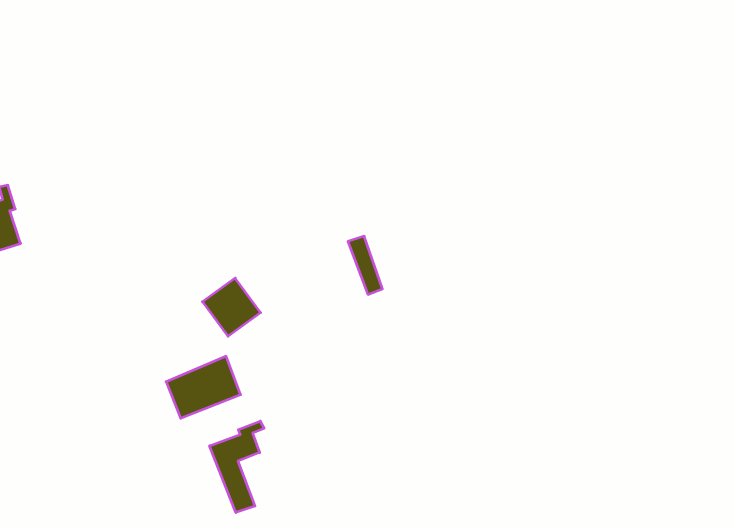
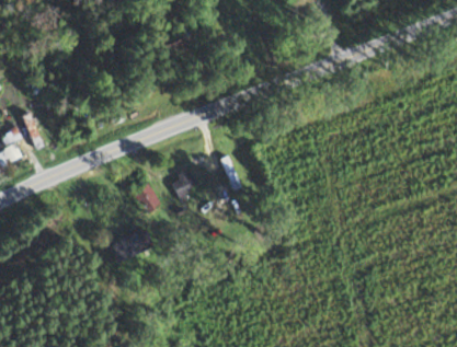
building: none -> [169,167,198,196]
building: [210,421,264,513] -> none

